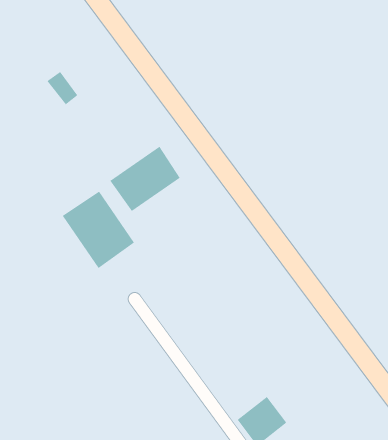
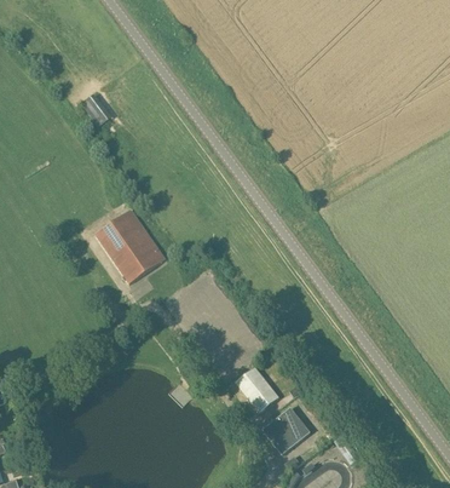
building: [109,146,180,212] -> none
building: none -> [236,367,278,412]

